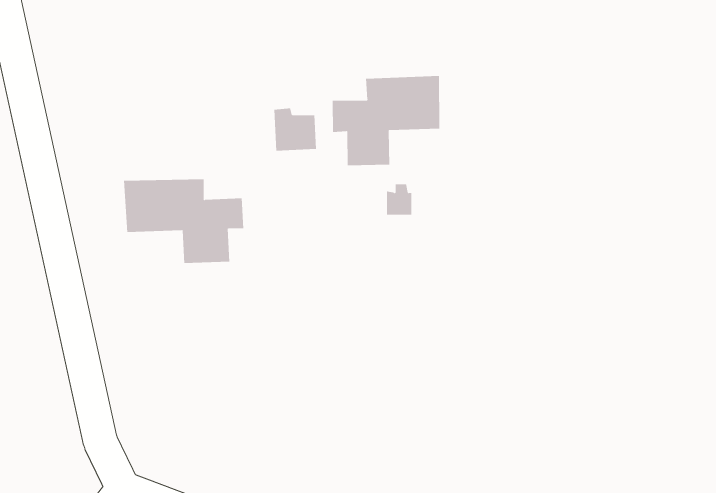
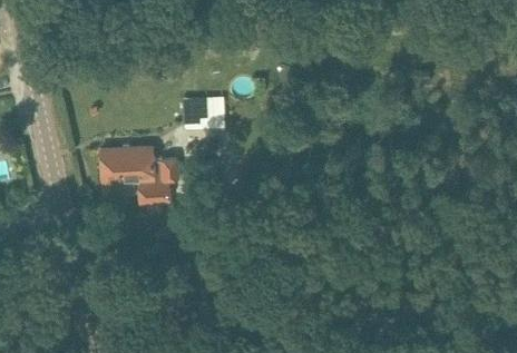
building: [332,75,440,166] -> none

